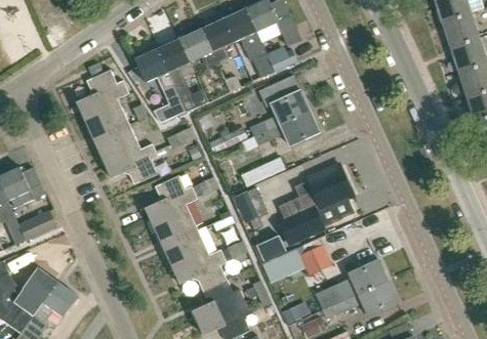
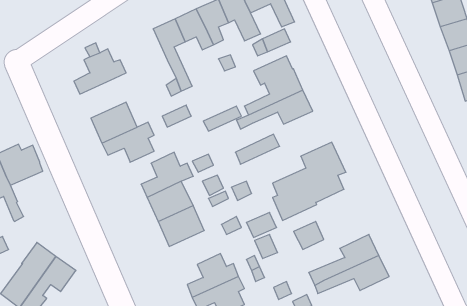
building: [134,48,173,89] -> none
building: [82,98,129,139] -> none
building: [17,211,54,240] -> none
building: [173,249,227,289] -> none

